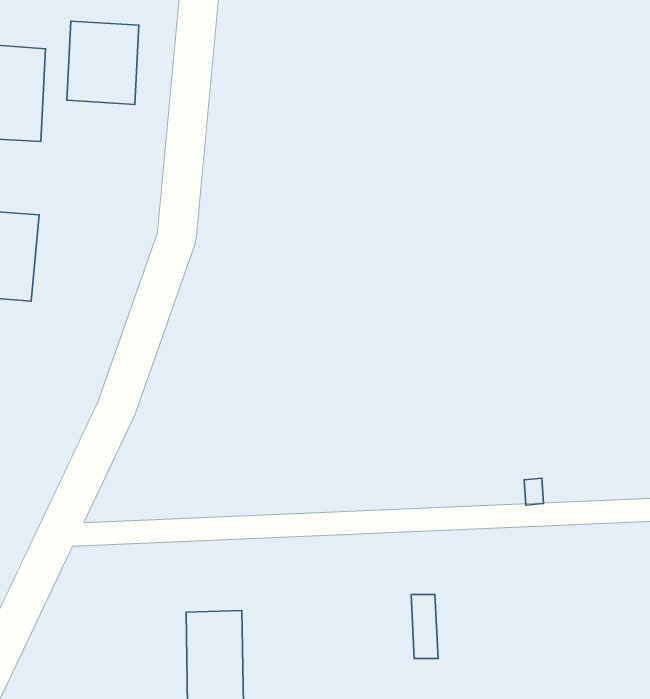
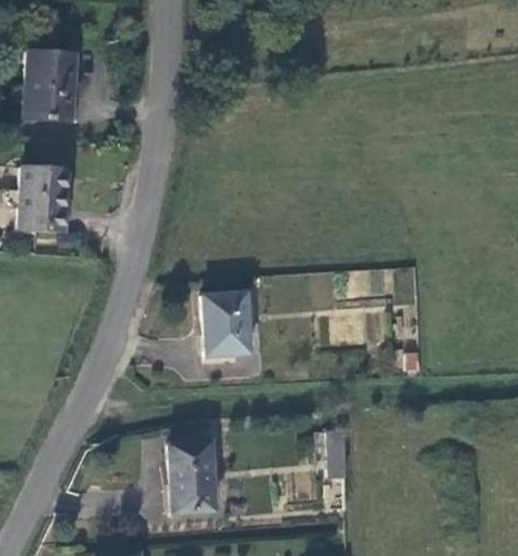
building: [67,21,139,104] -> none
building: none -> [201,292,249,360]

